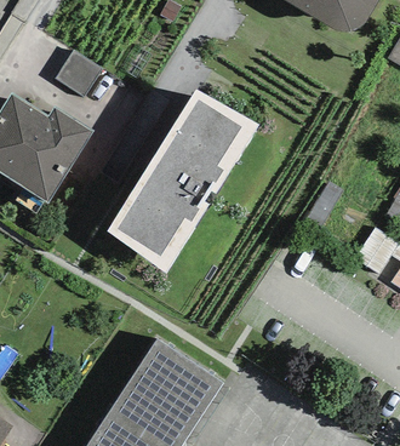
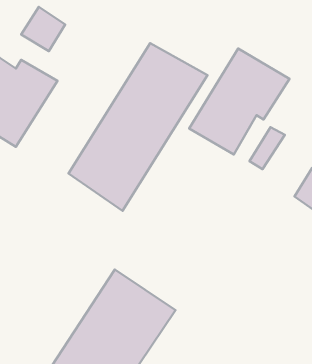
building: none -> [189,49,289,155]

